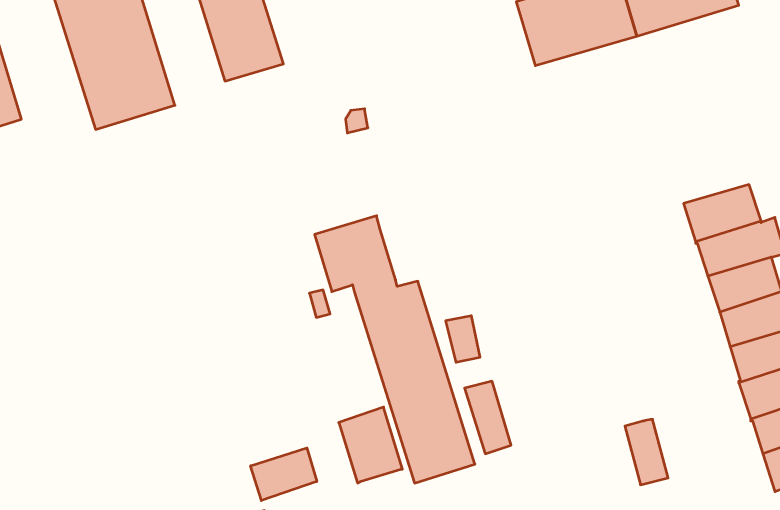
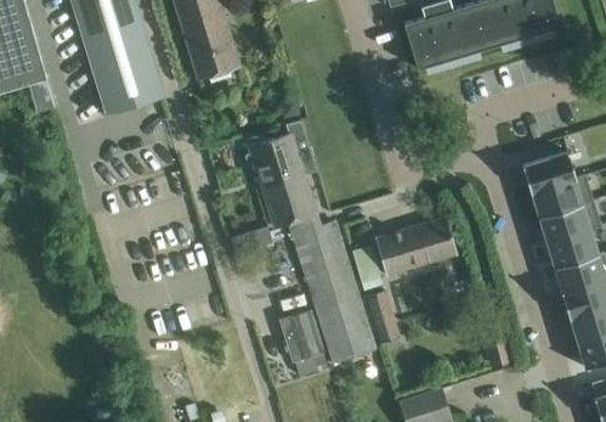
building: none -> [244,120,317,187]
building: none -> [374,216,457,275]
building: [251,448,317,501] -> none

